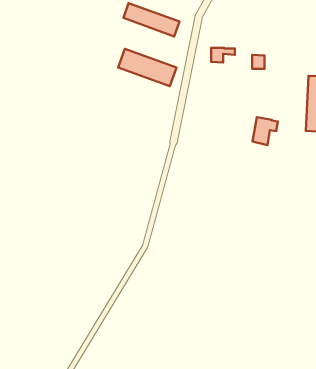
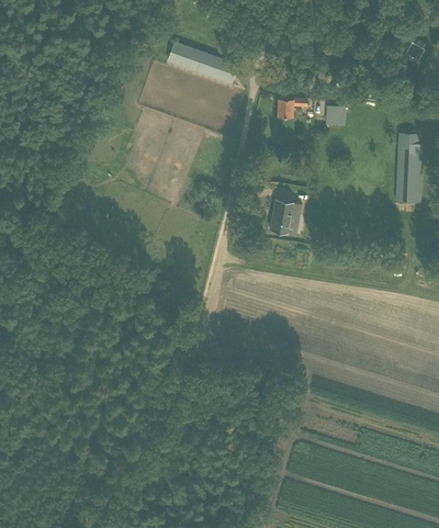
building: [118,49,177,86] -> none
building: [252,117,278,145] -> [270,199,302,234]

